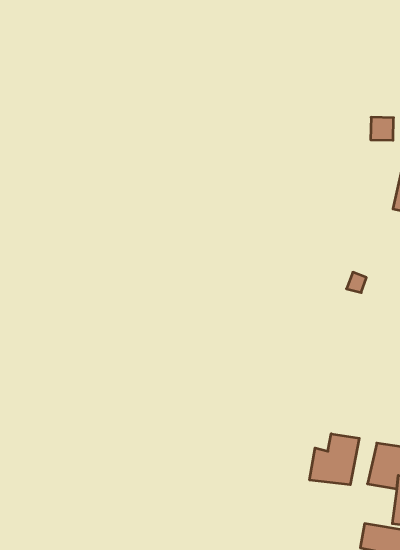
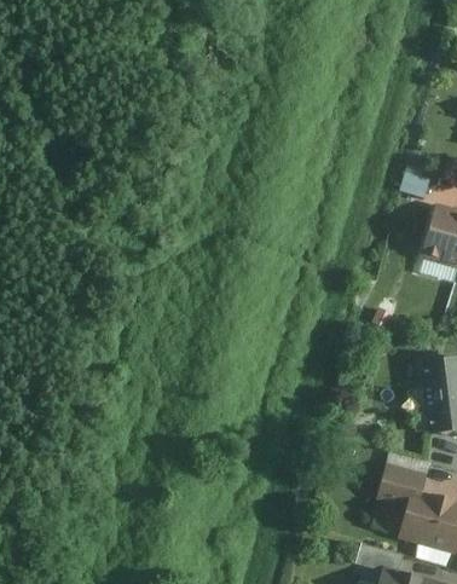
building: [310,434,359,485] -> none

